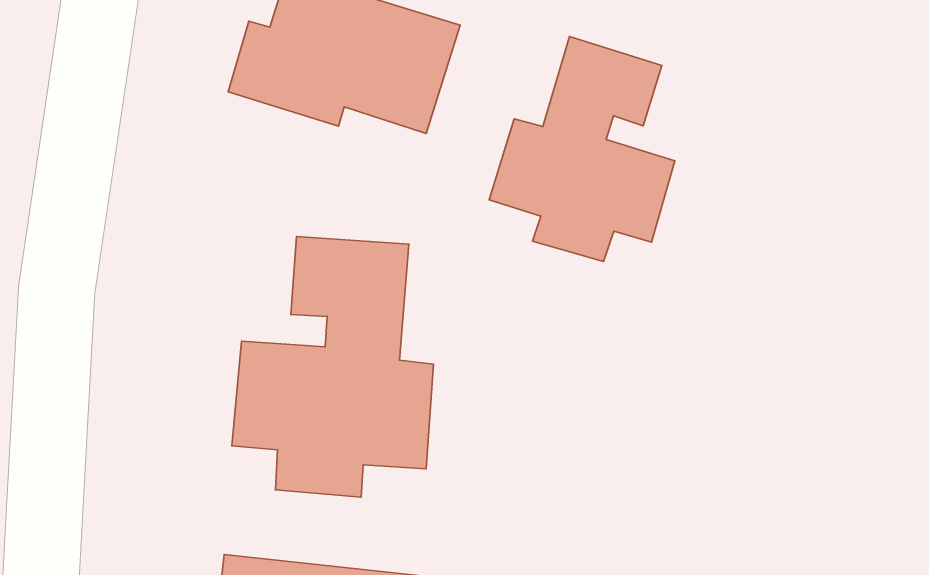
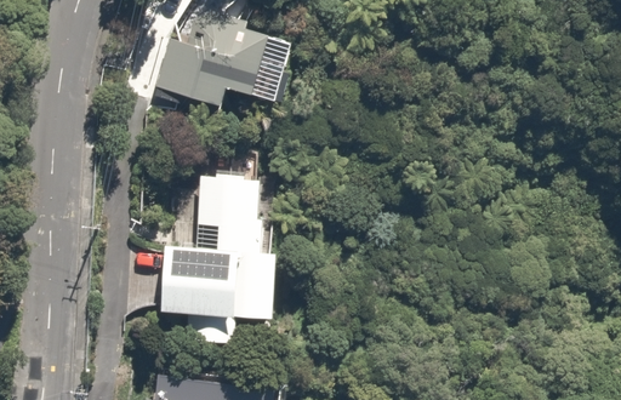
building: [489,37,675,262] -> none

